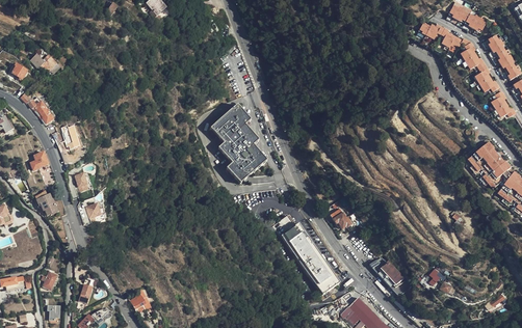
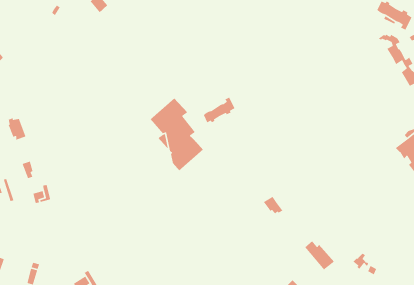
building: [419,20,458,45] -> none
building: none -> [203,96,235,123]
building: [277,215,343,293] -> none

